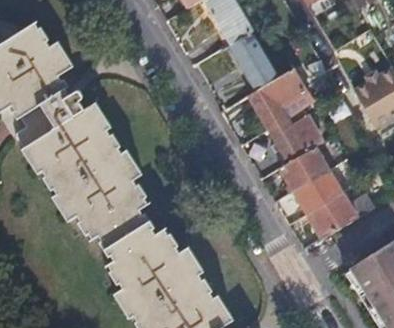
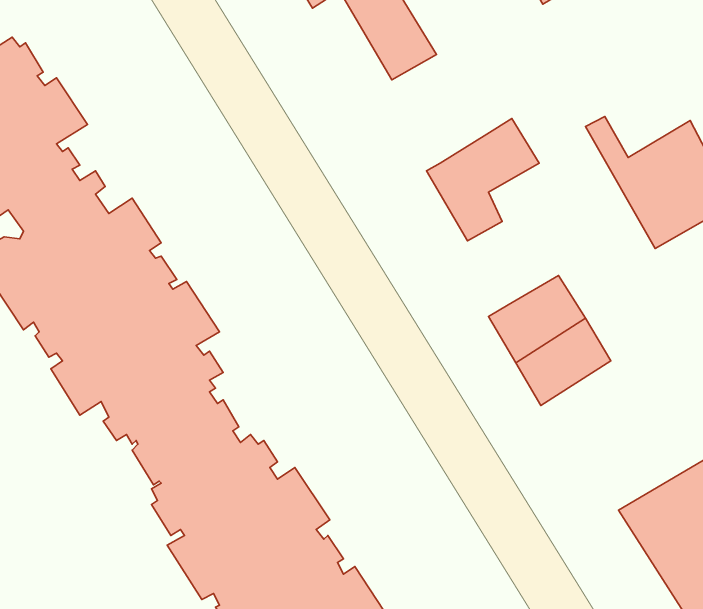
building: [230,32,279,88] -> none
building: [269,110,320,161] -> none
building: [307,190,374,237] -> none

